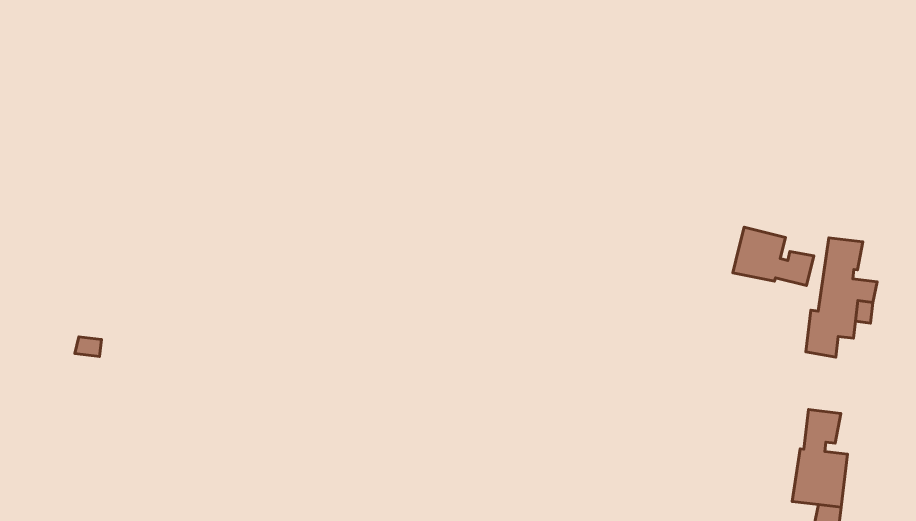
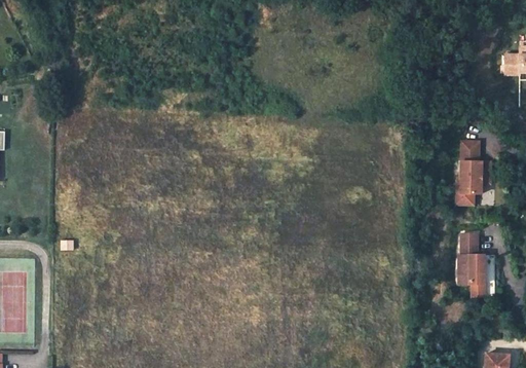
building: [733,227,814,286] -> none

